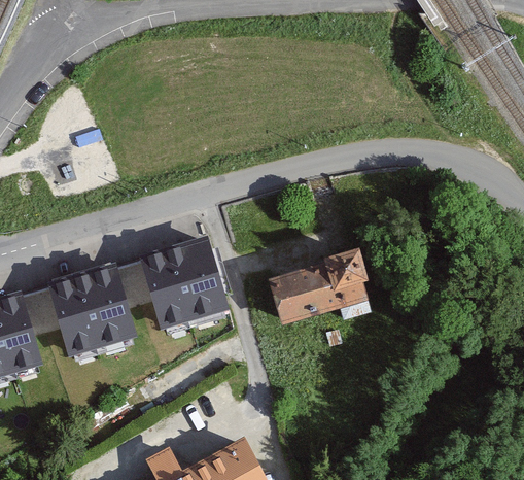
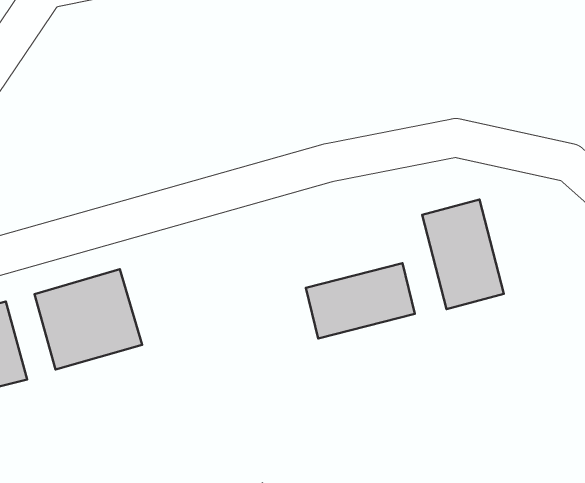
building: none -> [422,200,504,309]
building: [136,238,222,321] -> none

